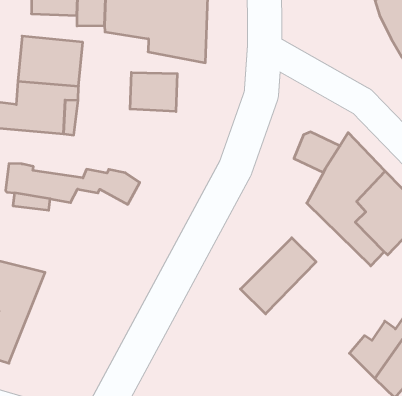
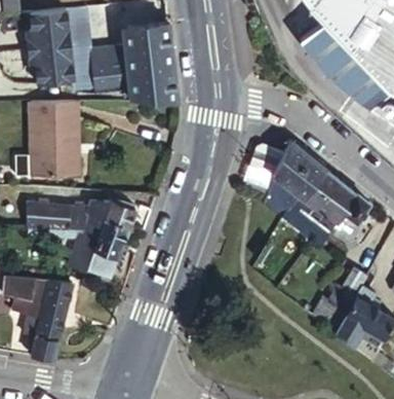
building: [130,72,177,112] -> none
building: none -> [70,212,129,269]
building: [240,238,316,314] -> none

